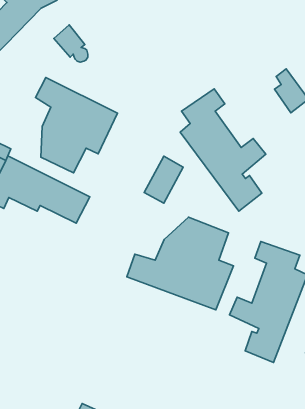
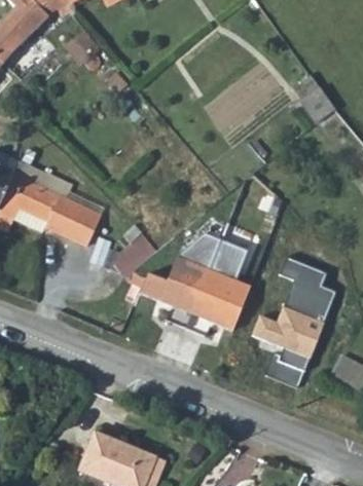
building: [35,78,117,173] -> none
building: [180,89,266,211] -> none
building: [144,156,183,203] -> [115,229,156,278]

